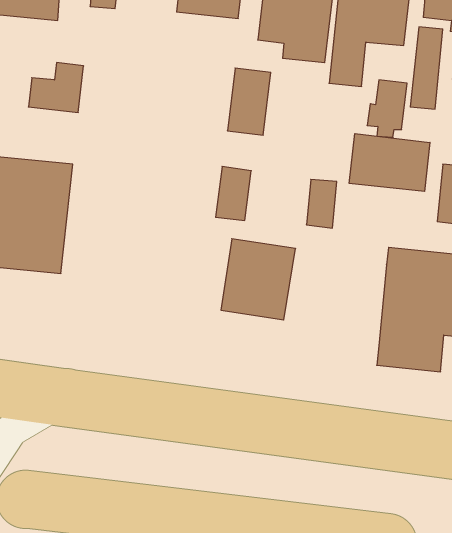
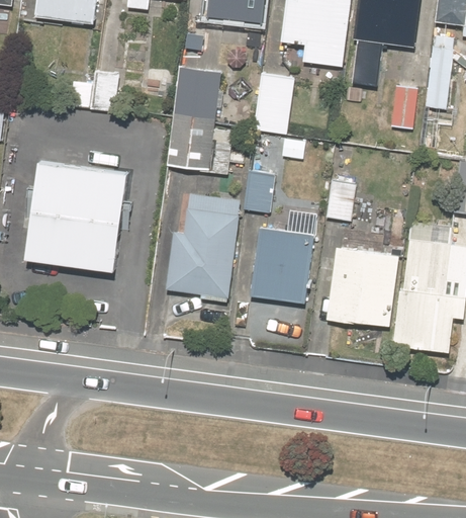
building: none -> [165,69,220,172]
building: [349,134,430,191] -> none
building: none -> [168,196,242,298]
building: none -> [328,247,402,330]

